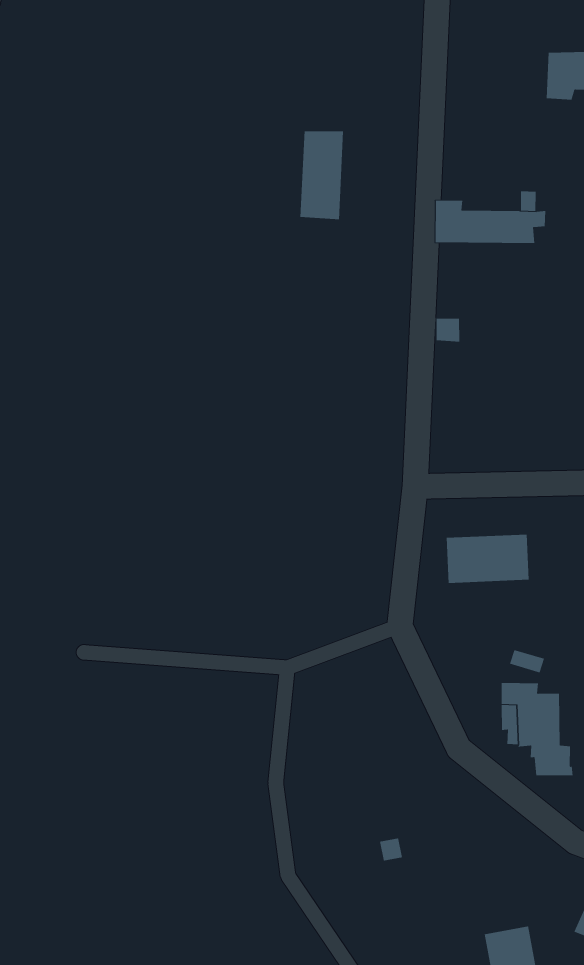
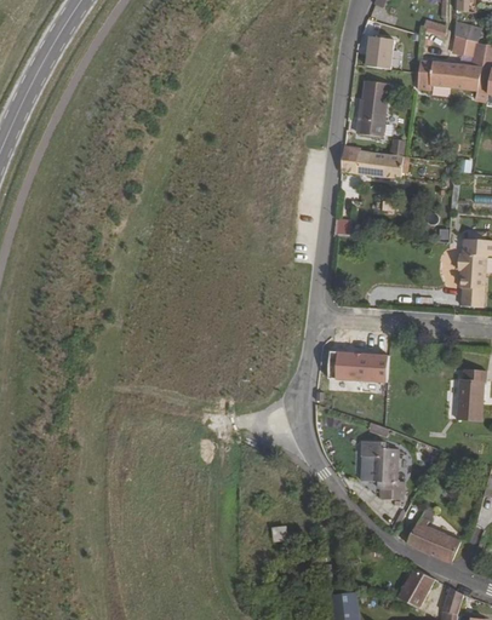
building: none -> [365,35,395,67]
building: [300,131,344,220] -> [360,80,391,136]

